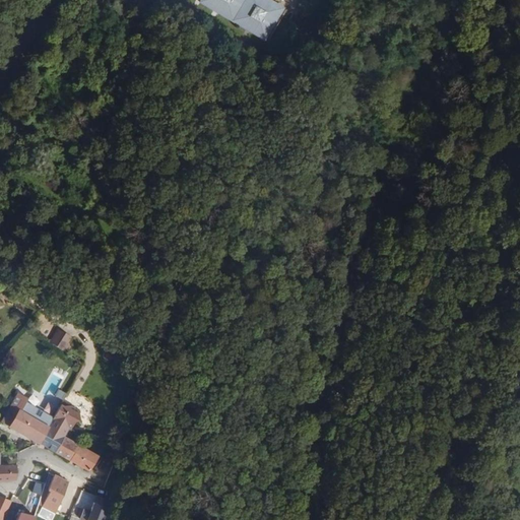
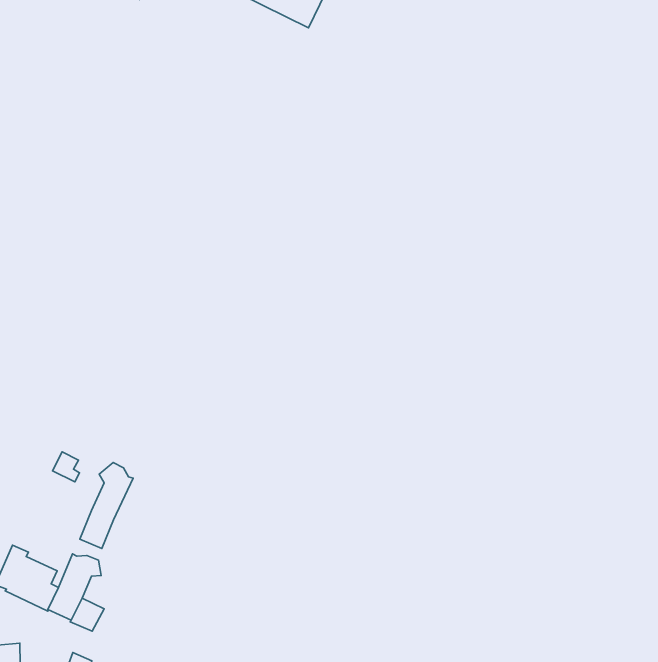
building: none -> [80,463,133,549]
building: [69,445,99,470] -> none

